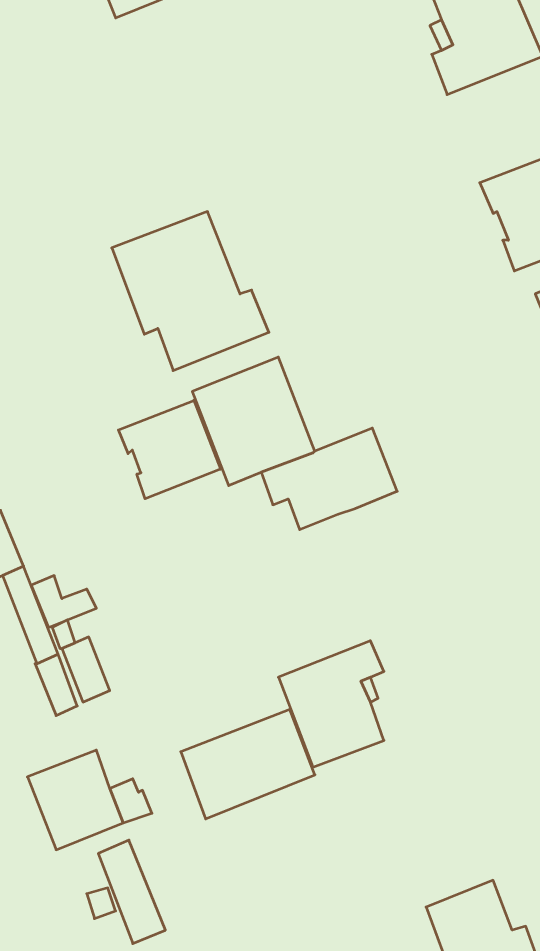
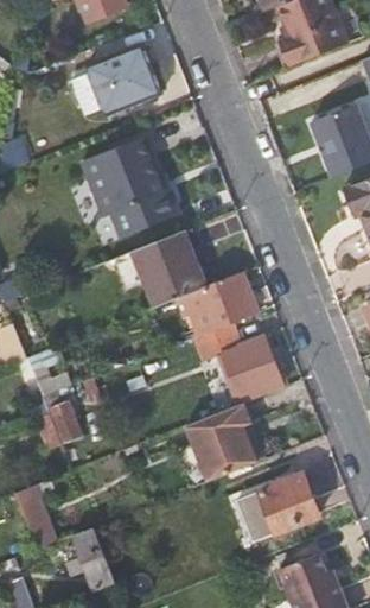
building: none -> [70,45,160,115]
building: [118,400,220,499] -> none
building: none -> [194,322,285,400]
building: [181,710,315,819] -> [237,473,320,540]

